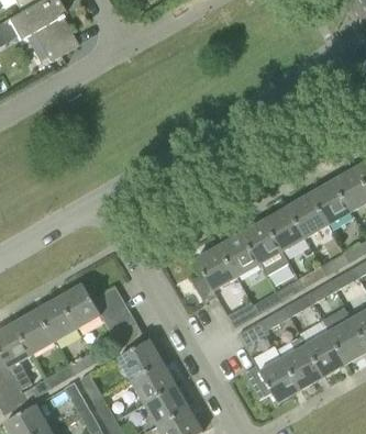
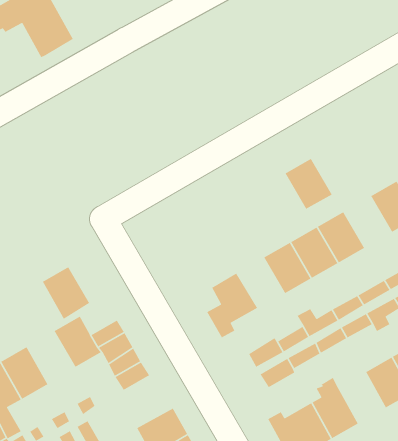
building: [309,180,351,225] -> [284,158,333,210]
building: [217,233,258,277] -> none
building: [35,297,77,343] -> [42,266,90,320]
building: [304,332,345,377] -> none
building: [117,340,162,380] -> none

